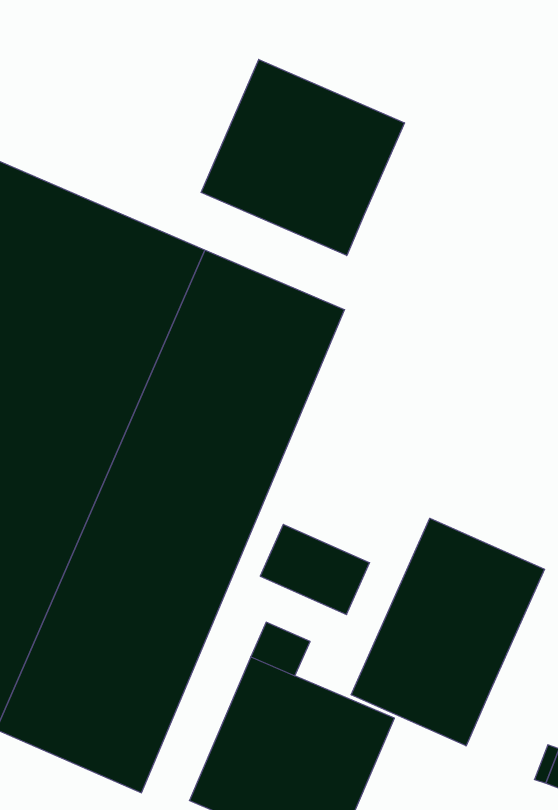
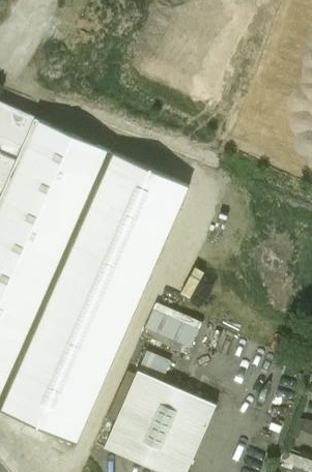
building: [201,59,404,256] -> none
building: [351,518,545,746] -> none

